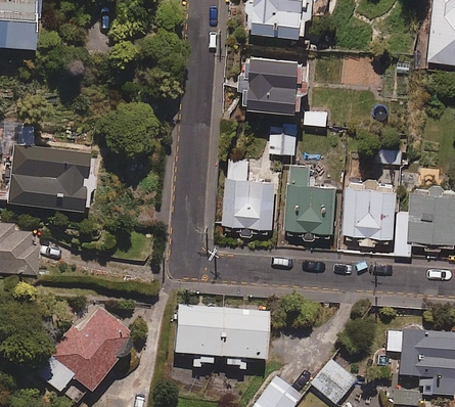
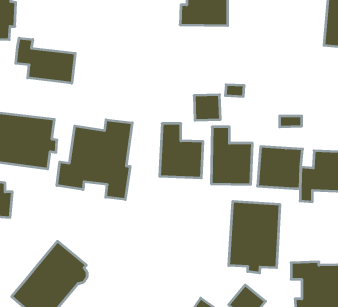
building: none -> [16,38,75,83]
building: [240,57,304,112] -> none
building: none -> [57,120,132,200]
building: none -> [229,201,280,273]
building: [174,306,268,365] -> none

